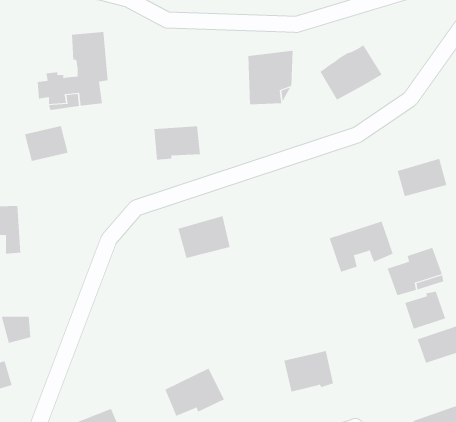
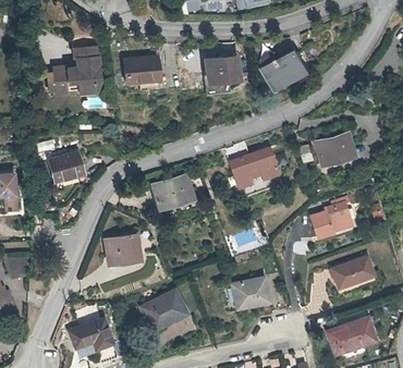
building: [24,126,69,162] -> [46,152,80,180]
building: [153,126,201,160] -> [120,54,156,81]
building: [329,221,393,273] -> [228,147,277,186]
building: [404,291,446,330] -> none
building: none -> [102,235,139,265]

